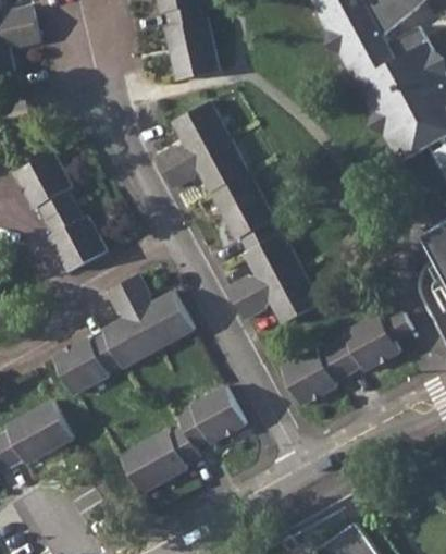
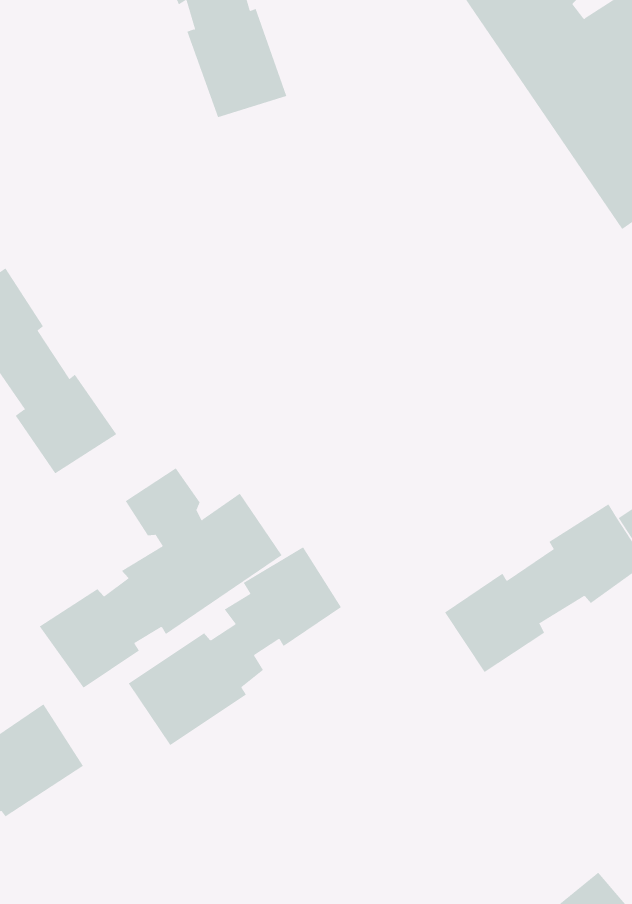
building: [154,103,319,323] -> none
building: [120,386,244,492] -> [128,547,342,746]

